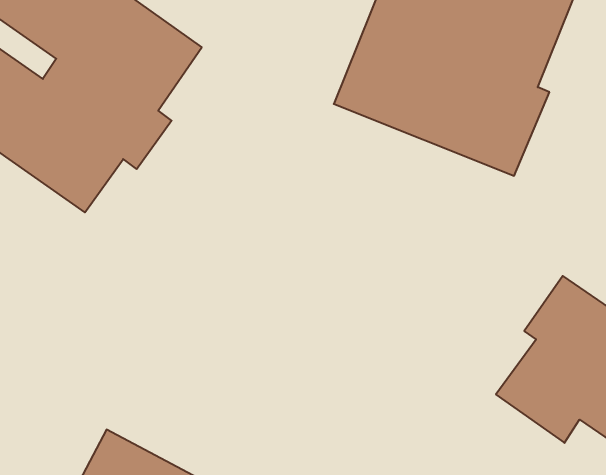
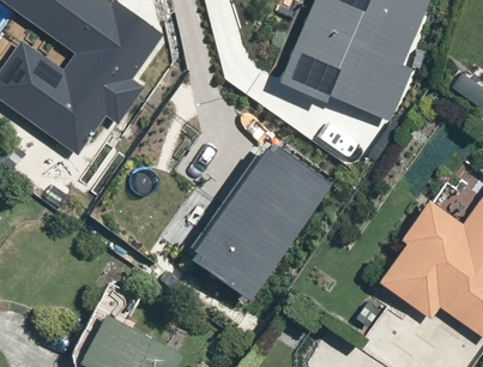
building: none -> [180,136,321,291]

